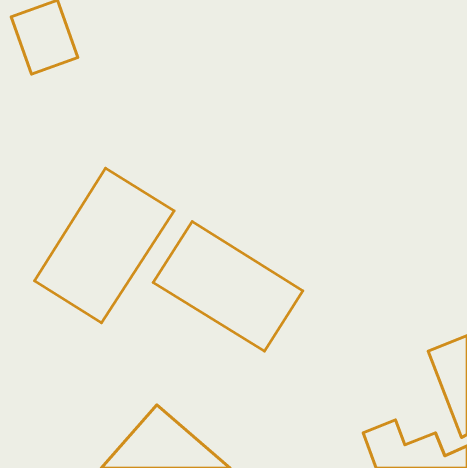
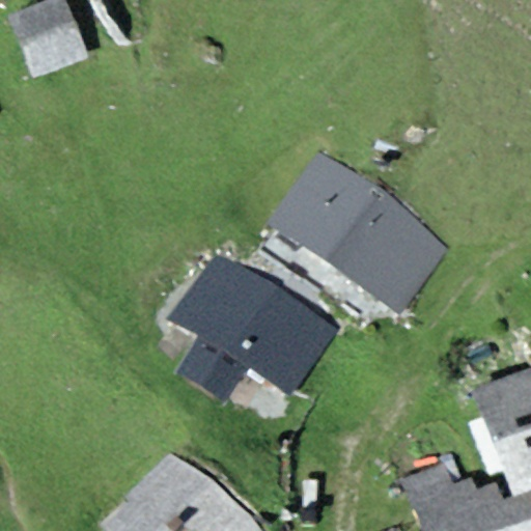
building: none -> [275,166,443,307]
building: [34,168,174,323] -> none

